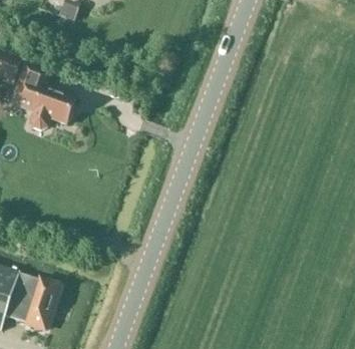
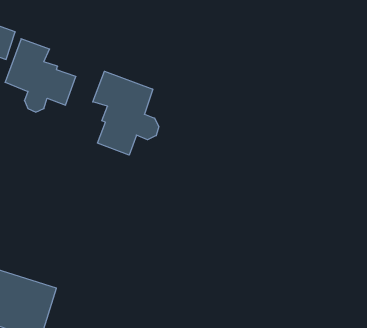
building: none -> [93,71,159,155]

